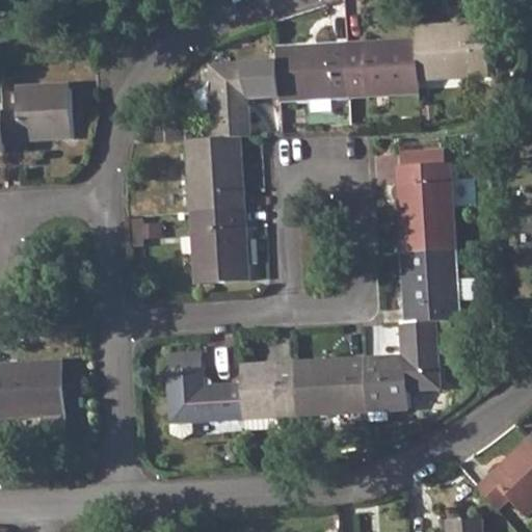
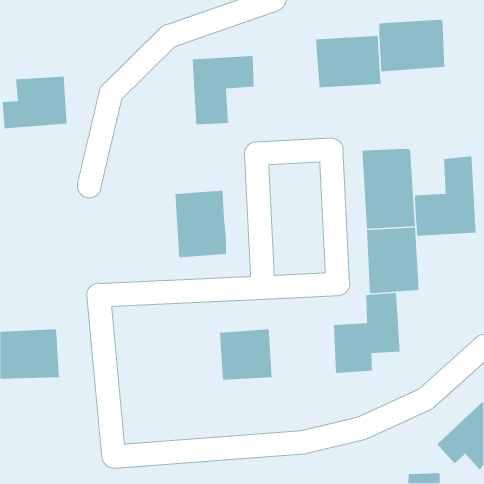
building: [277,43,349,101] -> none
building: [187,136,244,212] -> none
building: none -> [414,156,477,237]
building: [295,355,367,414] -> none
building: [167,367,243,437] -> none

